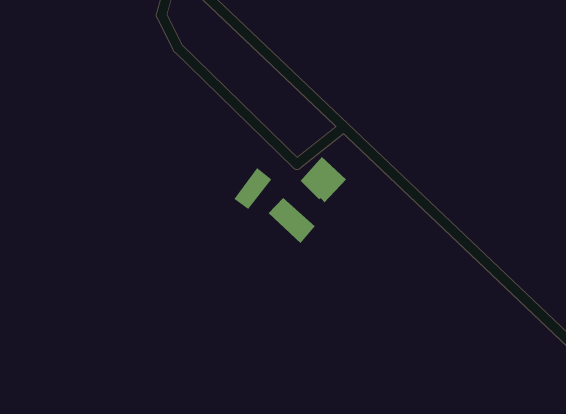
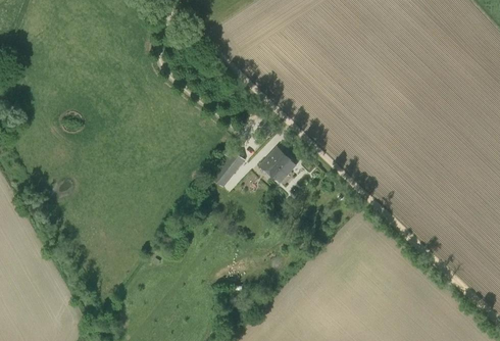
building: [268,197,316,244] -> none

